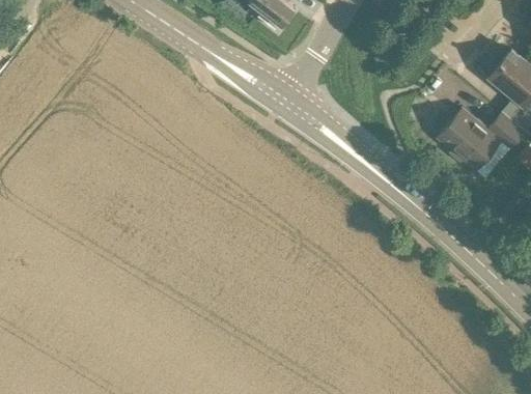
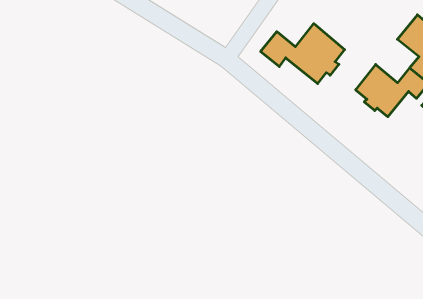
building: none -> [261,24,345,84]

